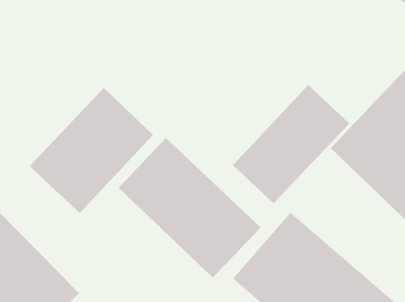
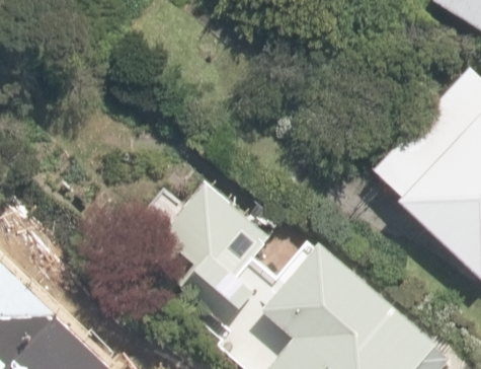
building: [232,84,350,204] -> none
building: [29,87,154,214] -> none

